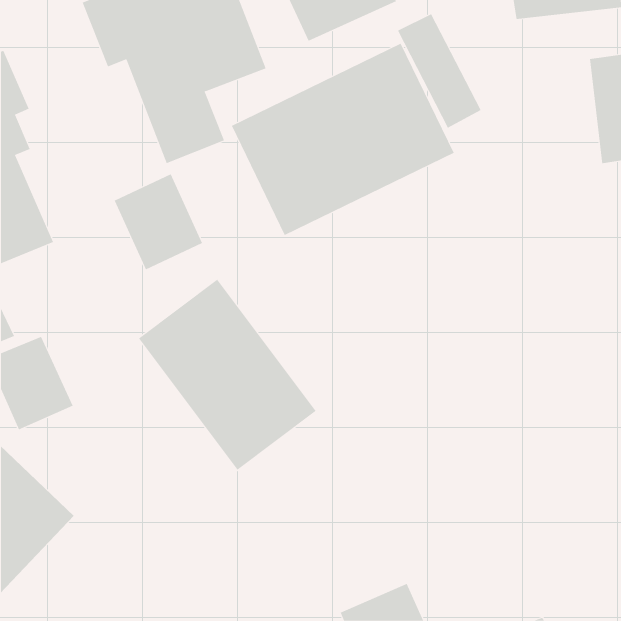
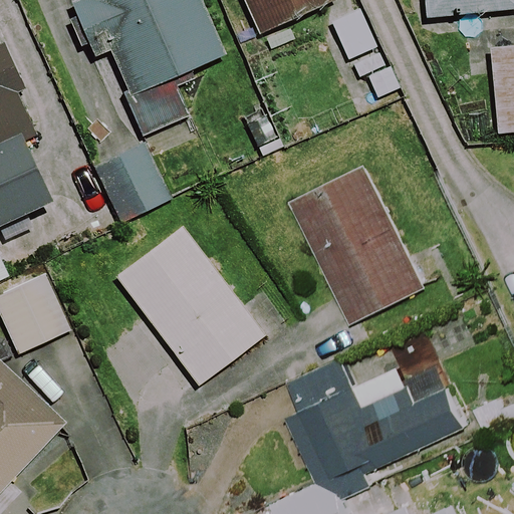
building: [231,43,454,236] -> none
building: none -> [294,169,427,325]
building: none -> [289,354,467,483]

